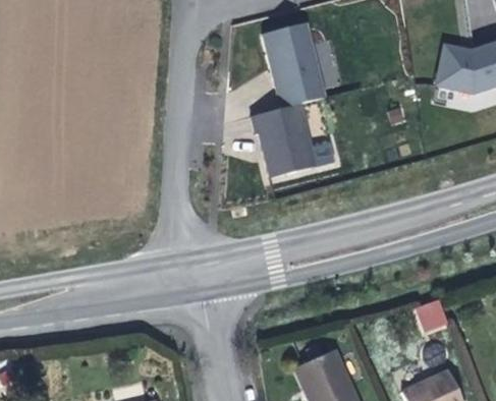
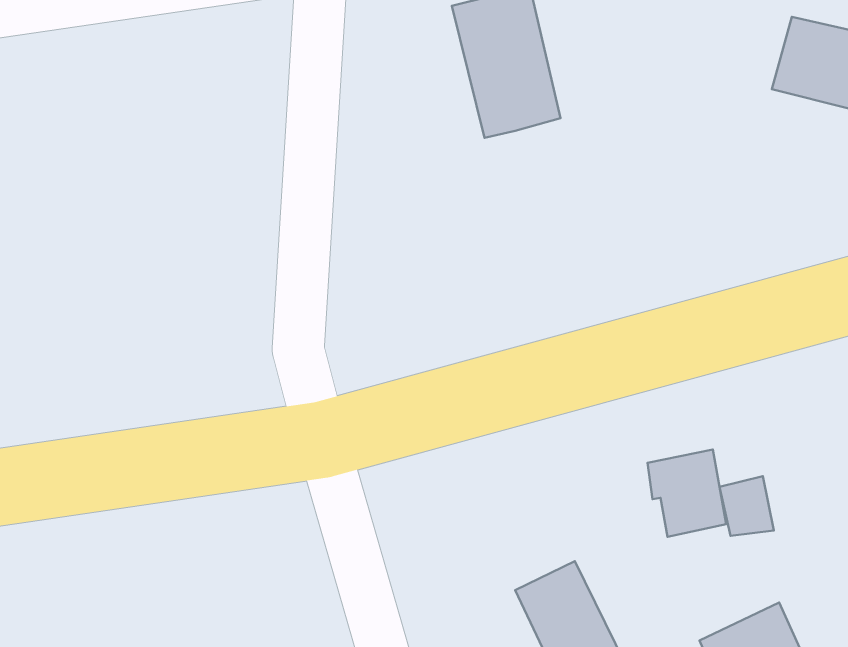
building: [253,105,317,178] -> none
building: none -> [648,450,726,537]

